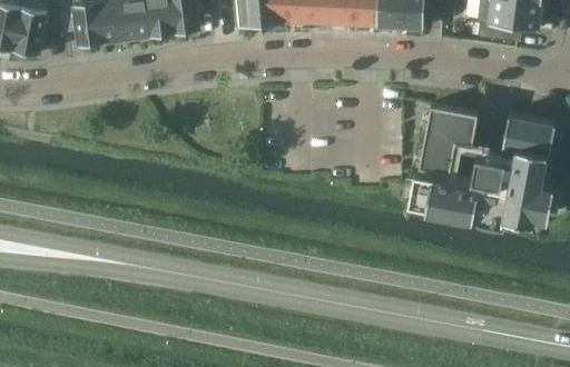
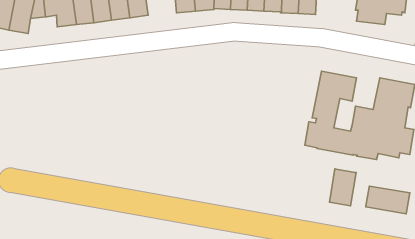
building: none -> [329,169,356,206]
building: none -> [366,186,410,214]

